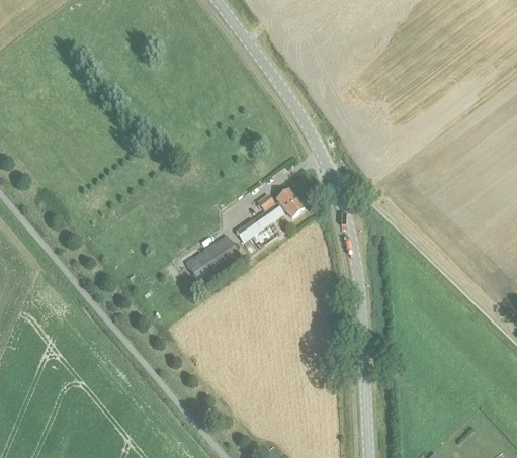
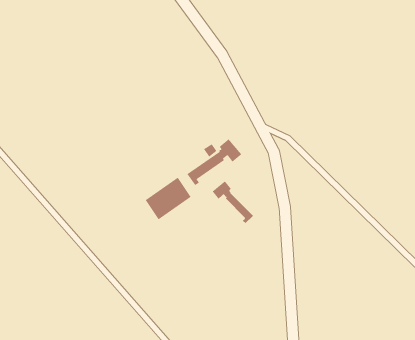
building: none -> [212,180,254,224]

